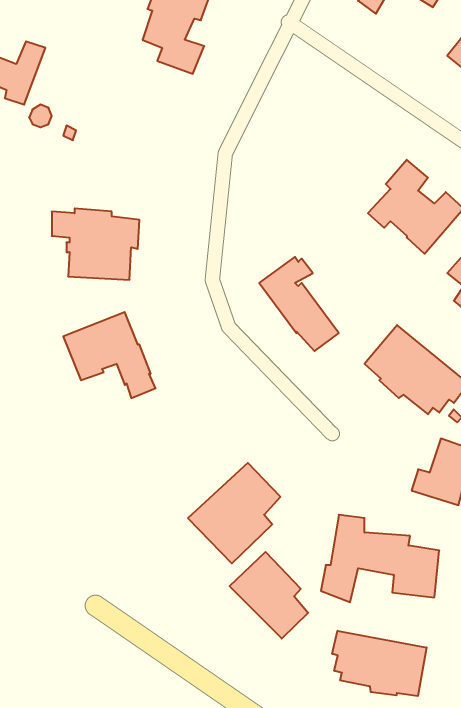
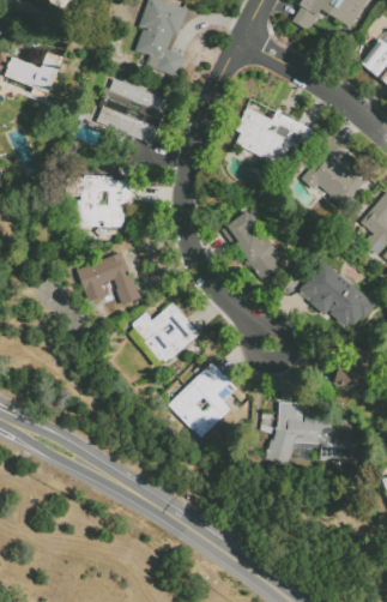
building: none -> [93,78,167,153]
building: none -> [235,107,314,164]
building: none -> [132,302,199,362]
building: [230,552,308,639] -> none
building: [332,631,427,696] -> none

